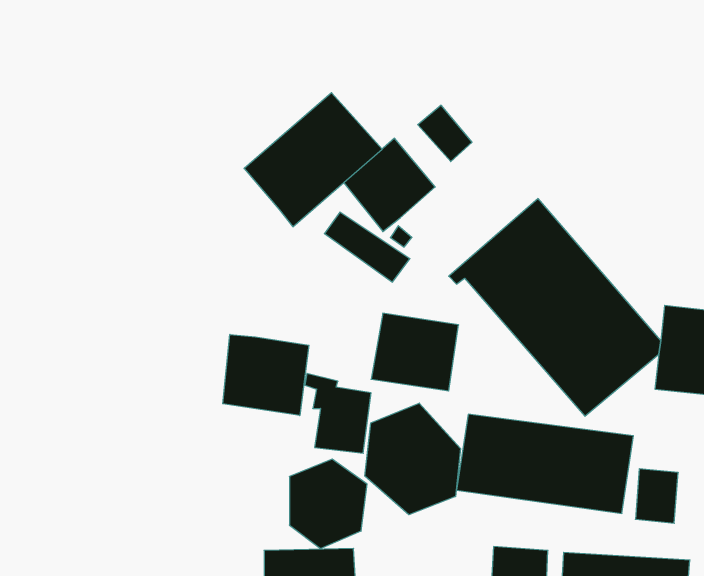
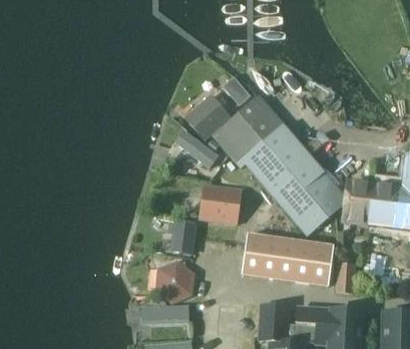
building: [244,93,382,227] -> [213,94,284,163]
building: [223,334,309,416] -> none
building: [365,403,460,515] -> none

